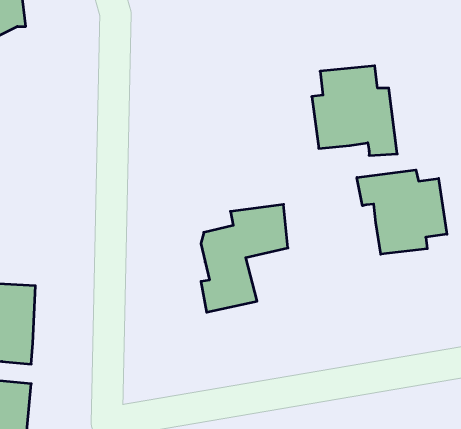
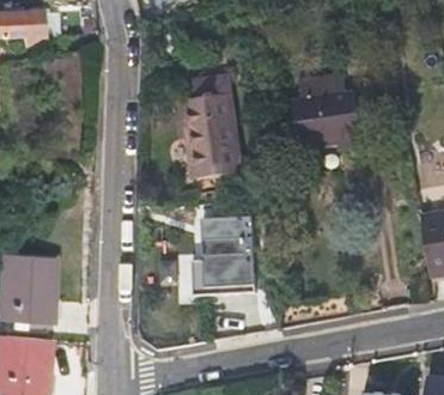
building: none -> [184,90,238,174]
building: [357,170,447,254] -> none

